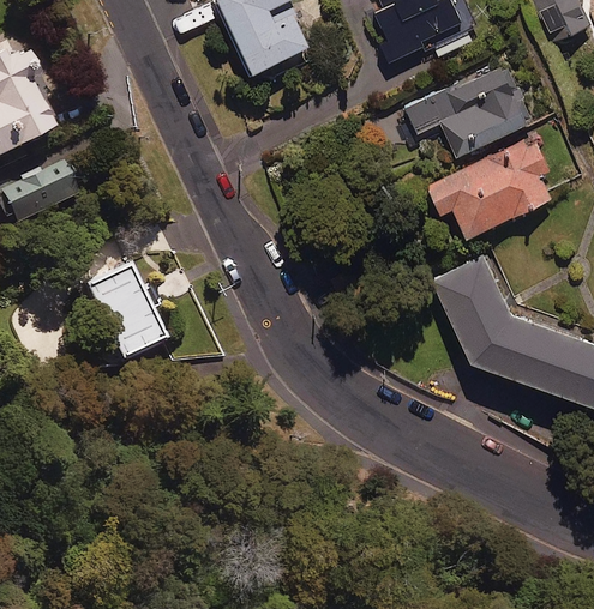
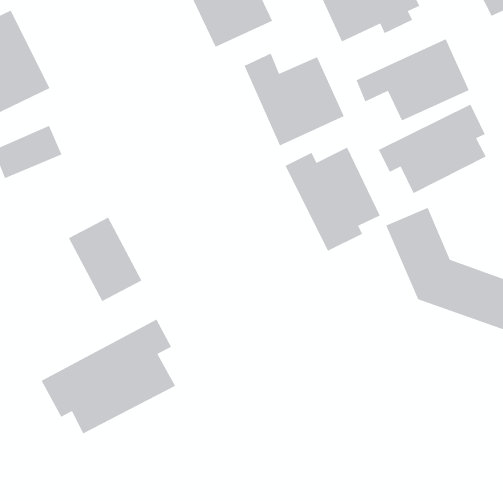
building: none -> [243,53,345,146]
building: none -> [284,146,381,252]
building: none -> [41,319,176,435]

